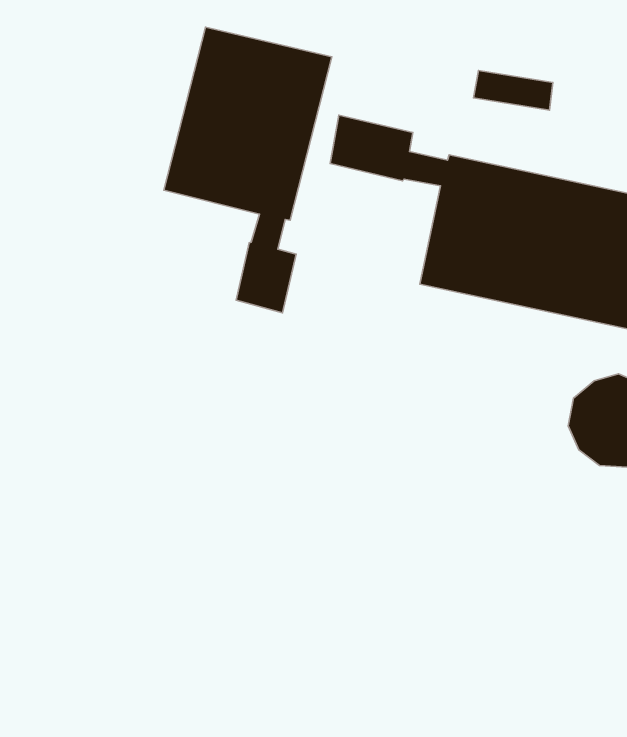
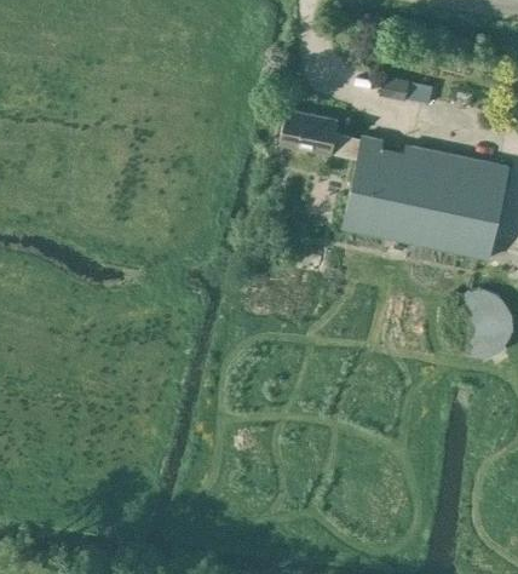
building: [164,27,332,313] -> none

